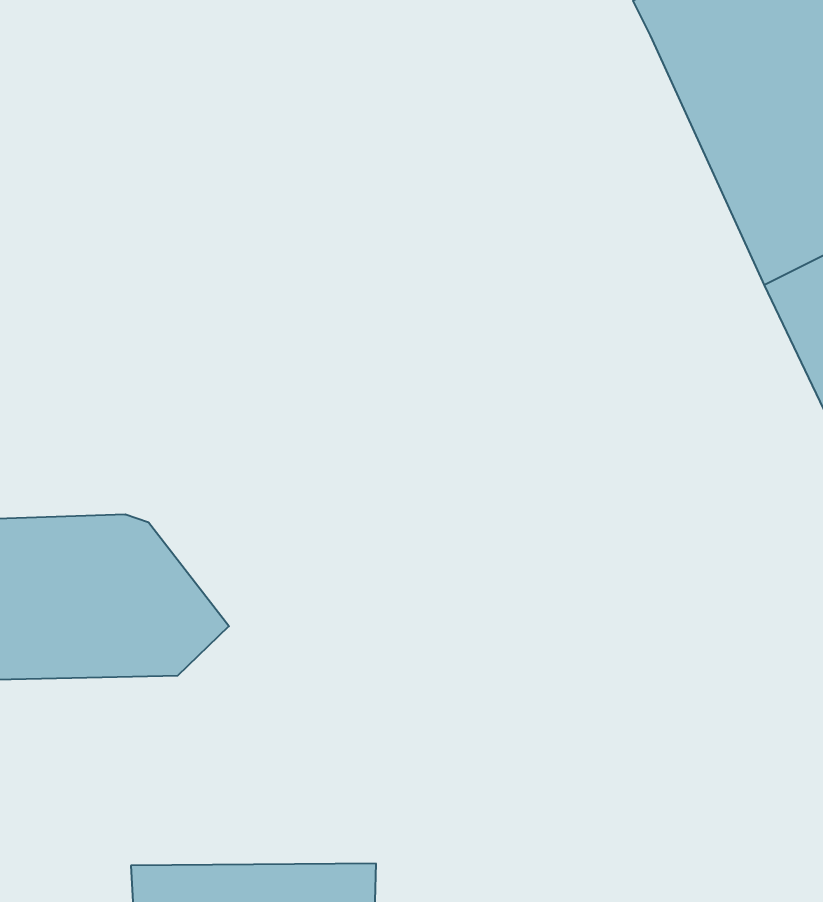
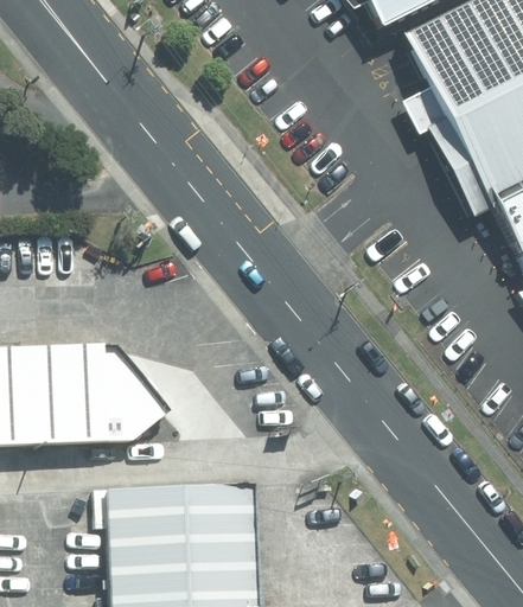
building: none -> [101,483,253,557]

